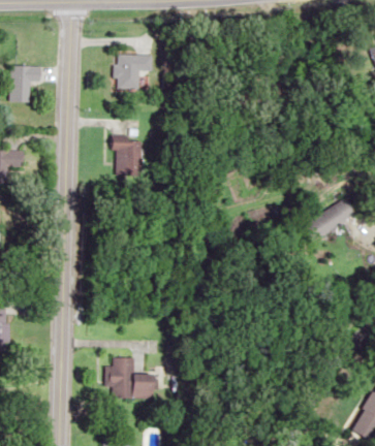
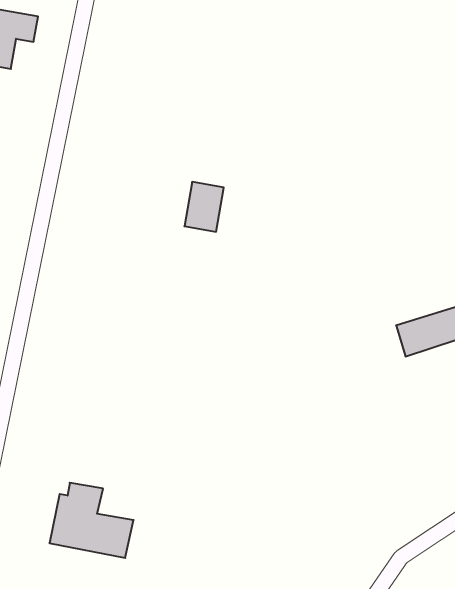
building: [116,55,151,88] -> none
building: [117,144,137,172] -> [184,182,224,232]

